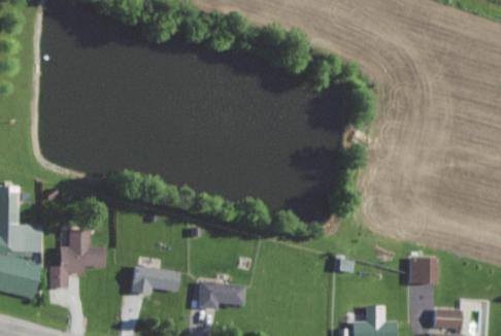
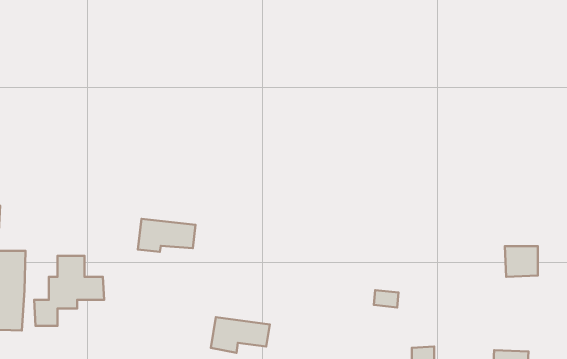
building: [409,258,437,283] -> [505,246,538,277]
building: [132,266,180,294] -> [138,219,195,252]

